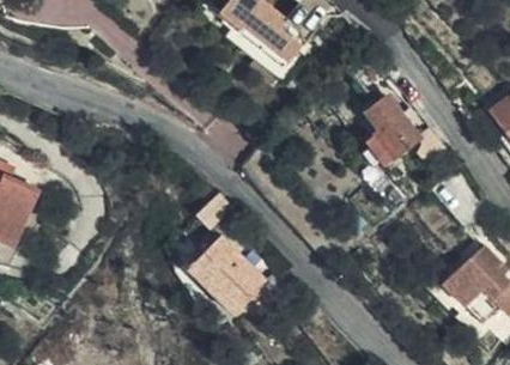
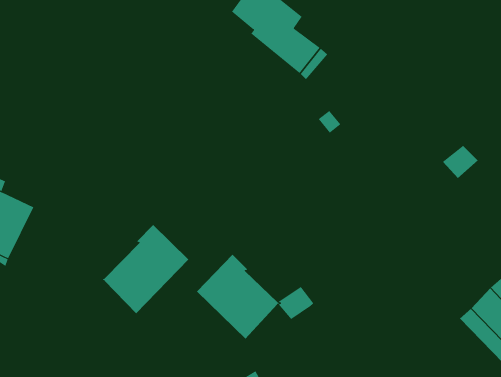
building: [364,96,420,168] -> none
building: none -> [101,224,189,314]

